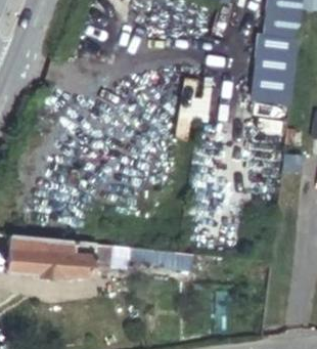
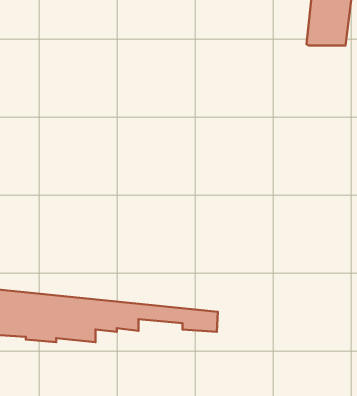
building: [261,38,297,104] -> none

